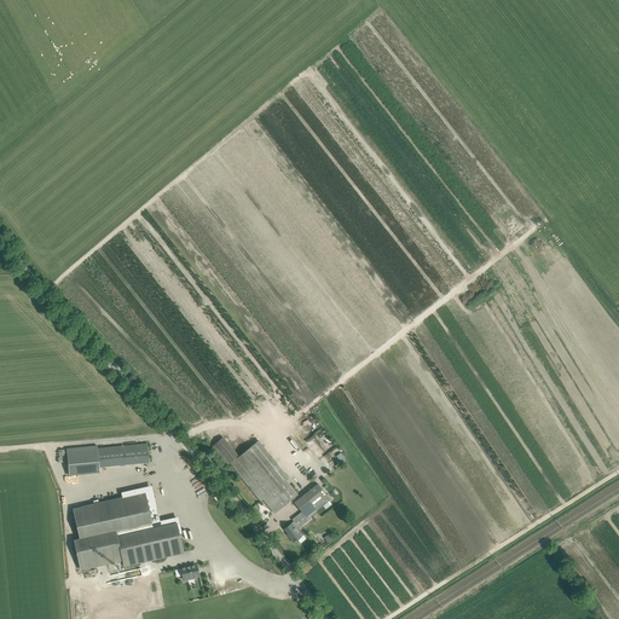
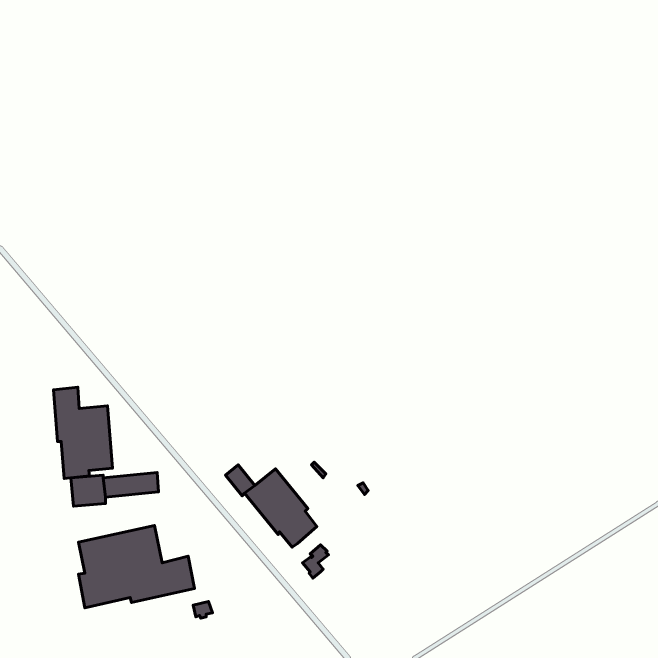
building: none -> [53,387,113,478]
building: [294,484,330,517] -> none

